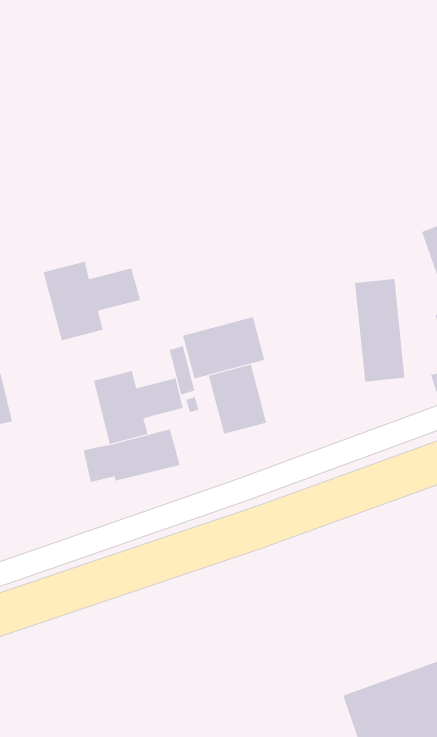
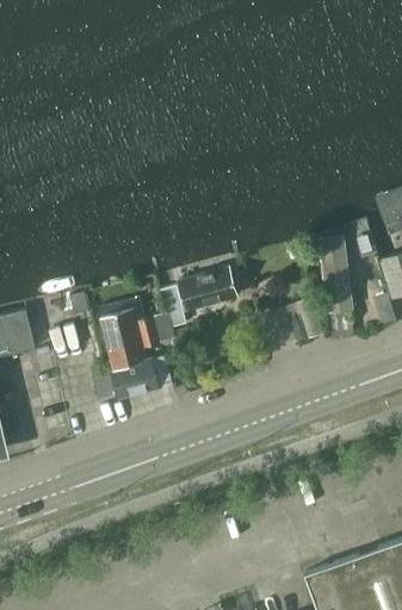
building: [43,261,141,341] -> none
building: [208,364,267,434] -> none

